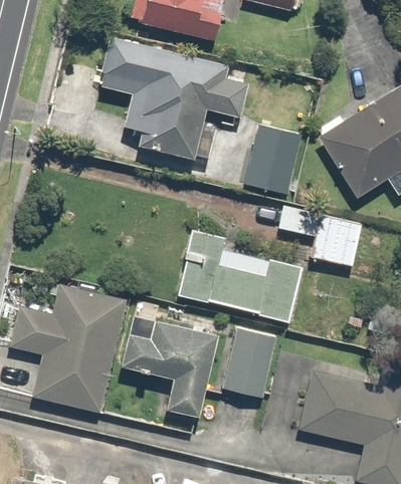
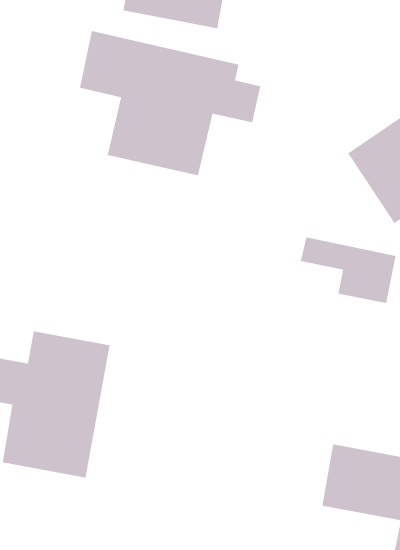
building: [245,123,303,192] -> none
building: [178,227,299,321] -> none
building: [124,316,217,414] -> none
building: [223,329,277,394] -> none

